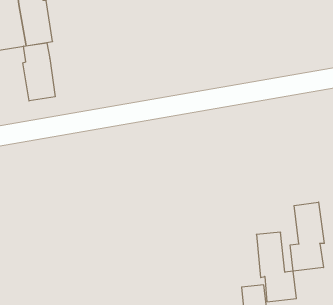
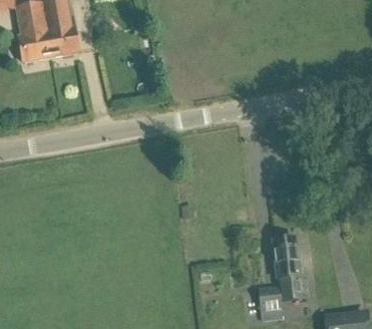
building: [23,43,55,101] -> none
building: [290,202,324,271] -> none

